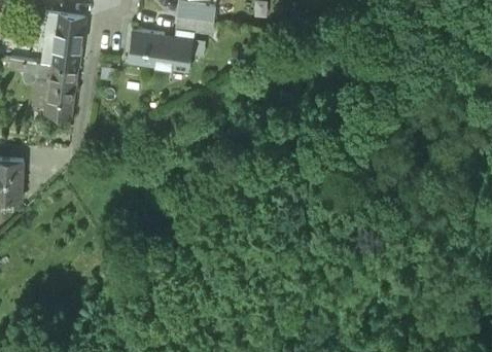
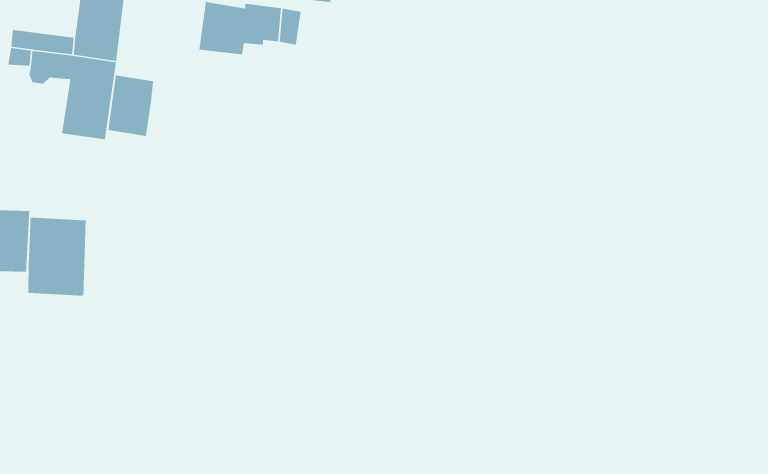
building: none -> [107,74,154,137]
building: none -> [27,217,87,296]

